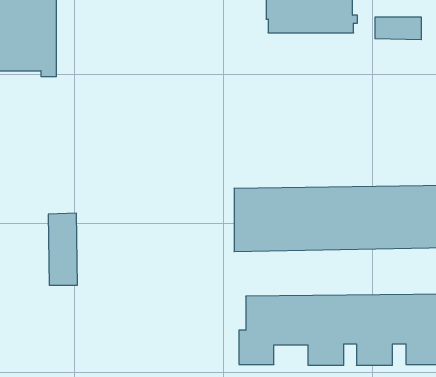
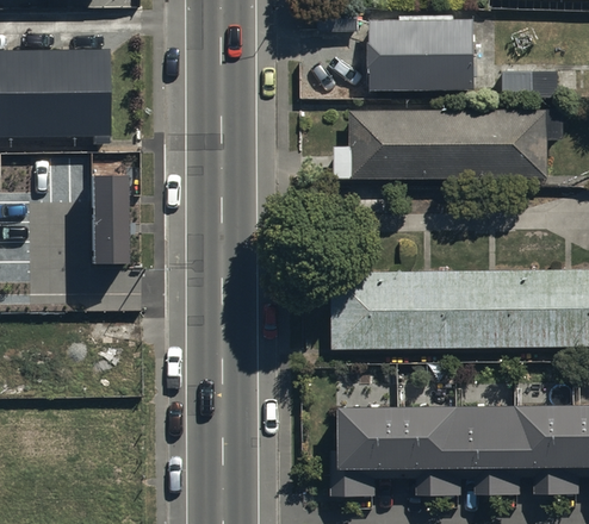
building: none -> [331,108,562,176]
building: [48,213,77,285] -> [93,176,129,264]

